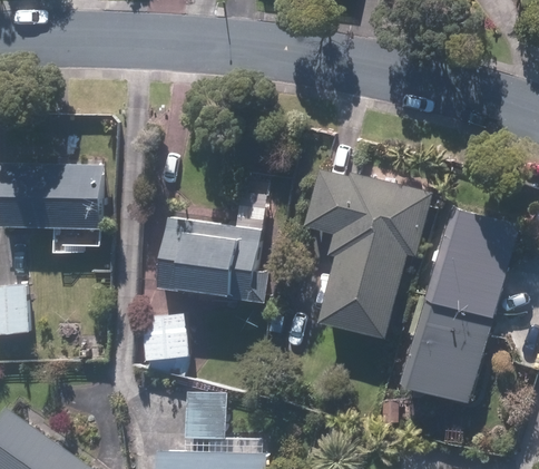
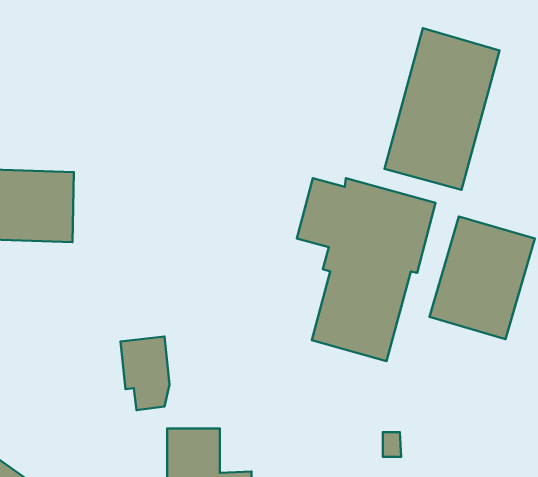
building: none -> [384,28,499,190]
building: [157,194,269,303] -> none
building: [399,296,493,402] -> none

